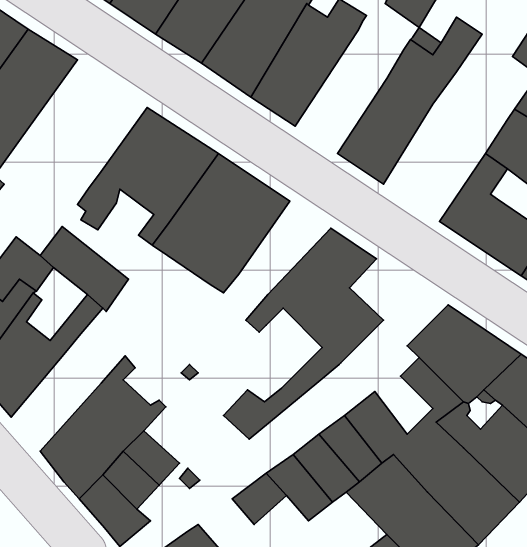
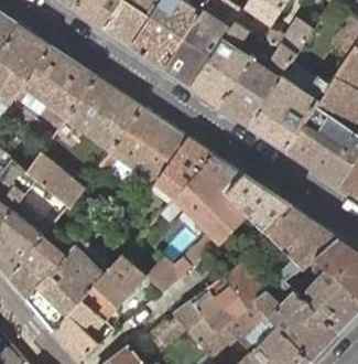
building: none -> [192,20,262,106]
building: none -> [14,45,96,128]
building: none -> [249,74,329,150]
building: none -> [155,137,215,197]
building: none -> [227,174,291,231]
building: none -> [8,223,66,299]
building: none -> [94,255,145,307]

